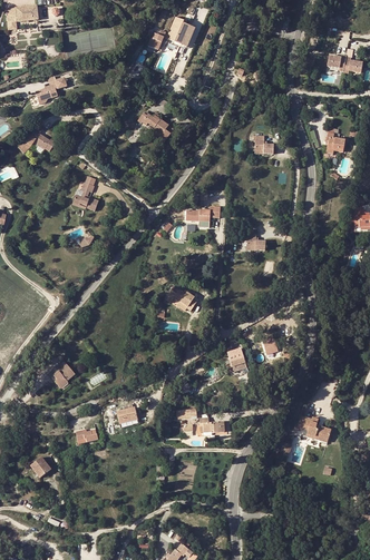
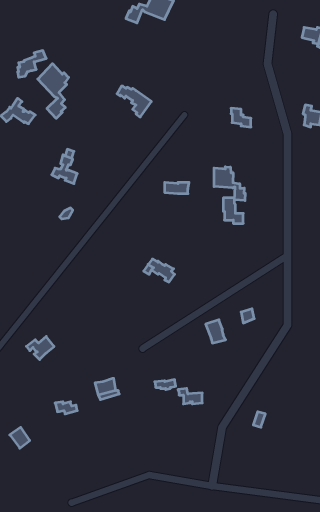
building: none -> [38,64,69,118]
building: none -> [214,167,245,201]
building: [295,415,331,443] -> none

